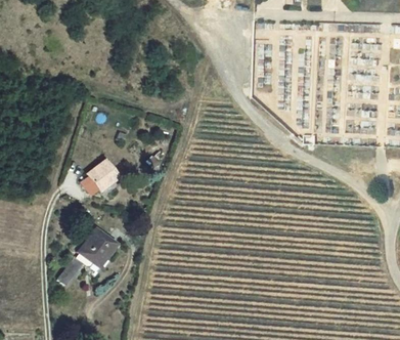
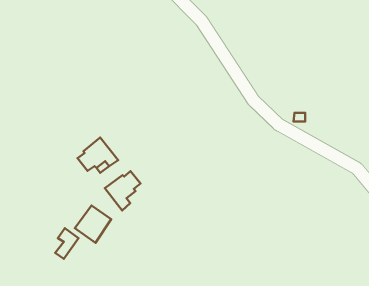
building: none -> [105,171,140,210]

